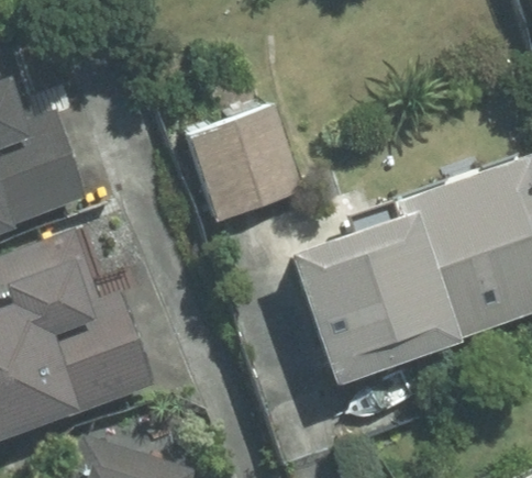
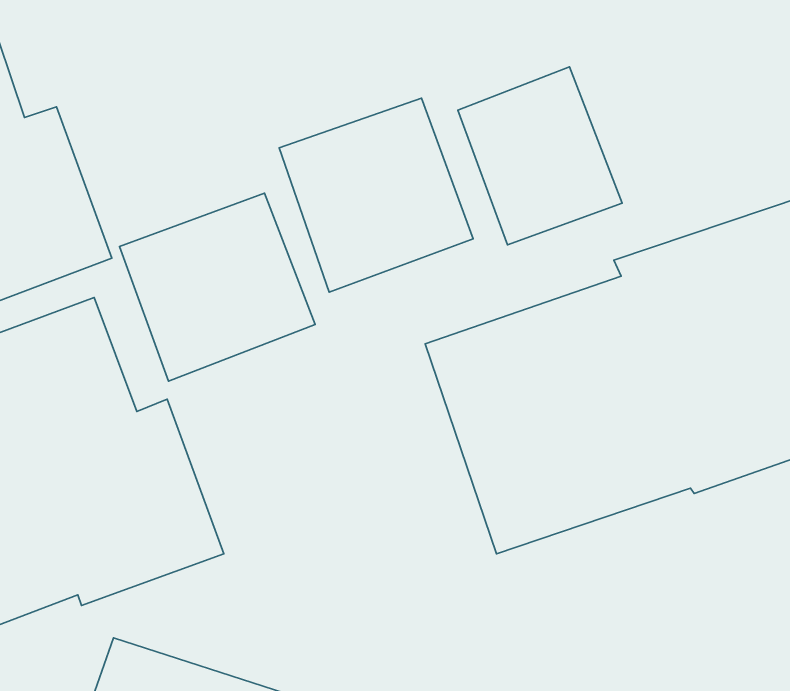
building: none -> [458,67,622,245]
building: none -> [120,193,315,381]

